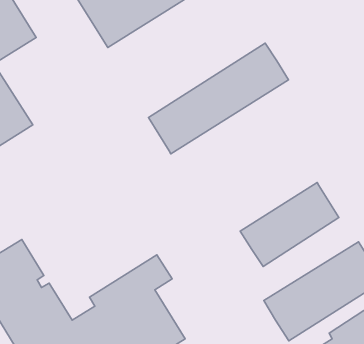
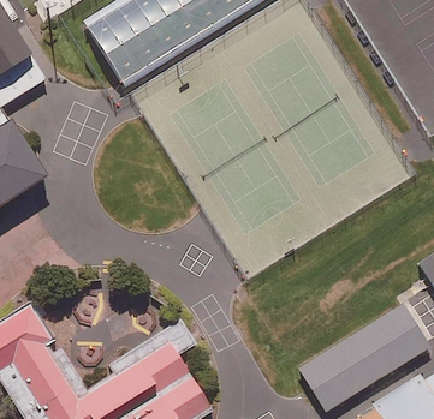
building: [148,43,289,154] -> none
building: [240,183,339,267] -> none

